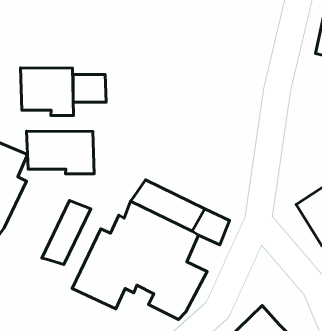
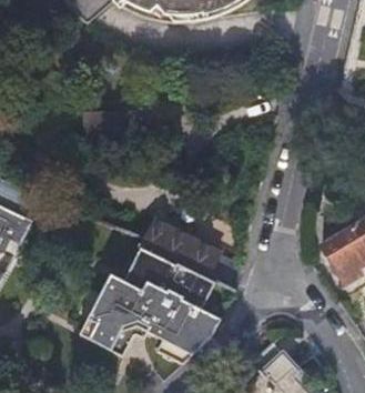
building: [20,68,74,115] -> none
building: [26,131,94,174] -> none
building: [42,201,91,264] -> none

